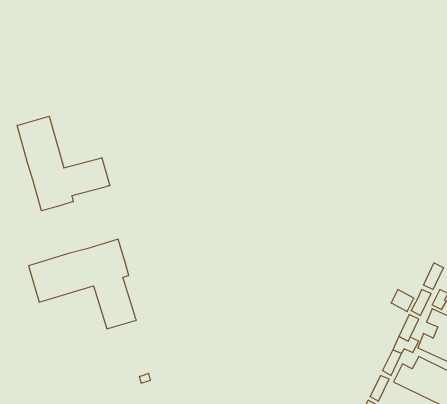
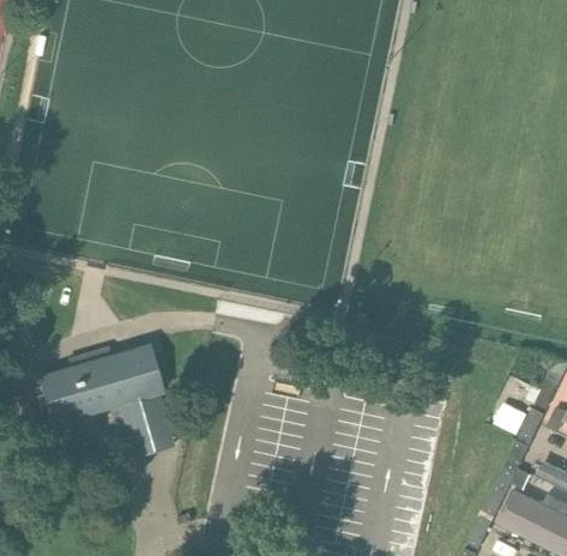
building: [17,116,110,211] -> none

